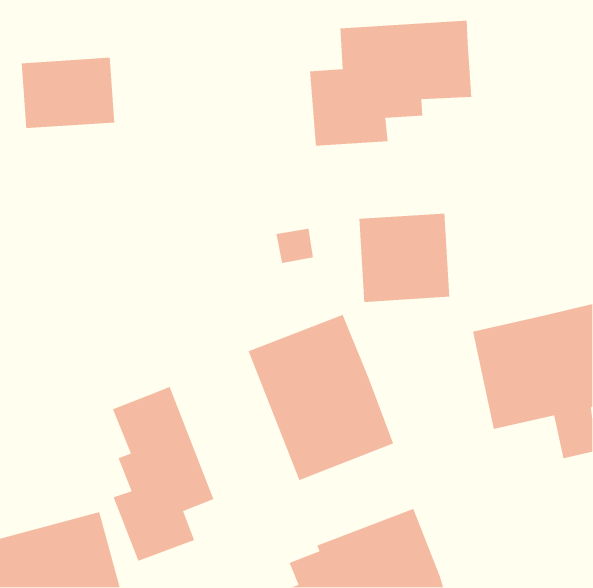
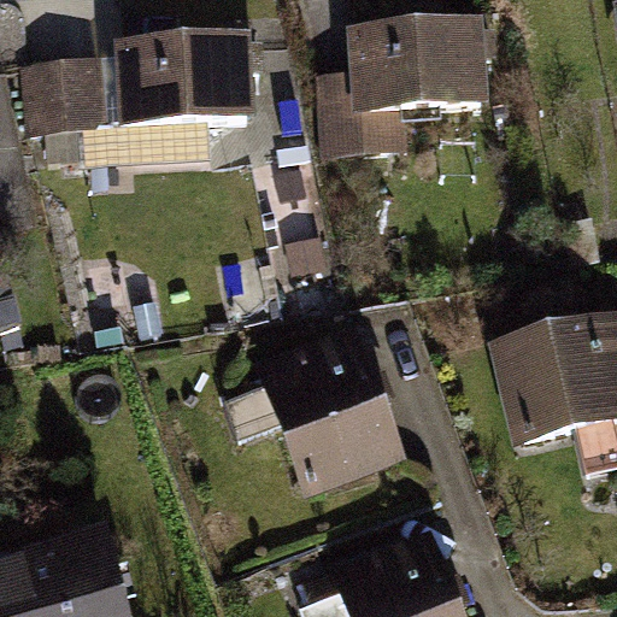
building: none -> [112,34,255,128]
building: [358,213,450,303] -> none
building: [112,386,214,562] -> none

